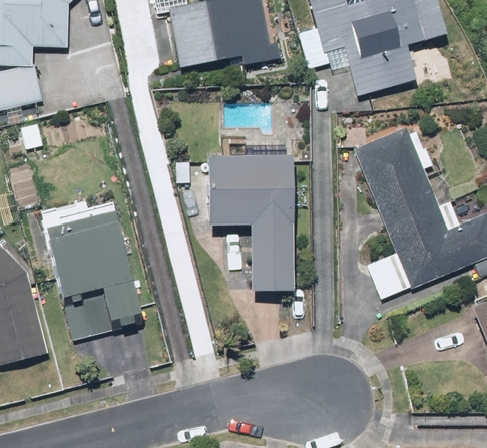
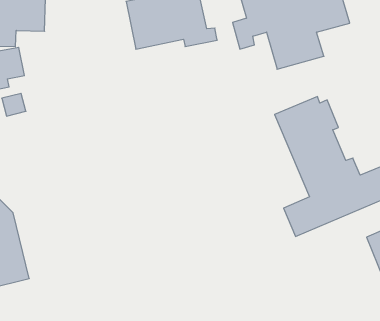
building: [203,153,295,291] -> none
building: [45,211,143,337] -> none

